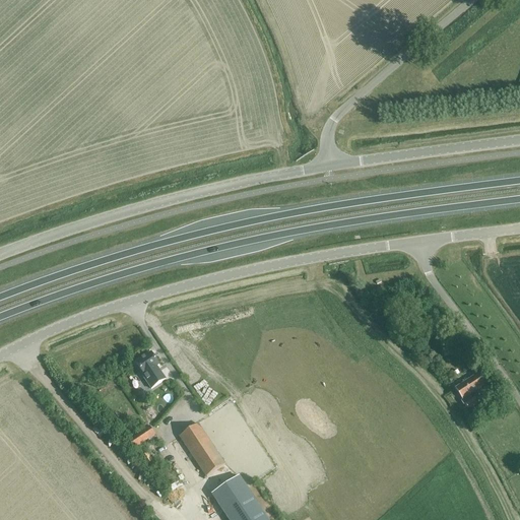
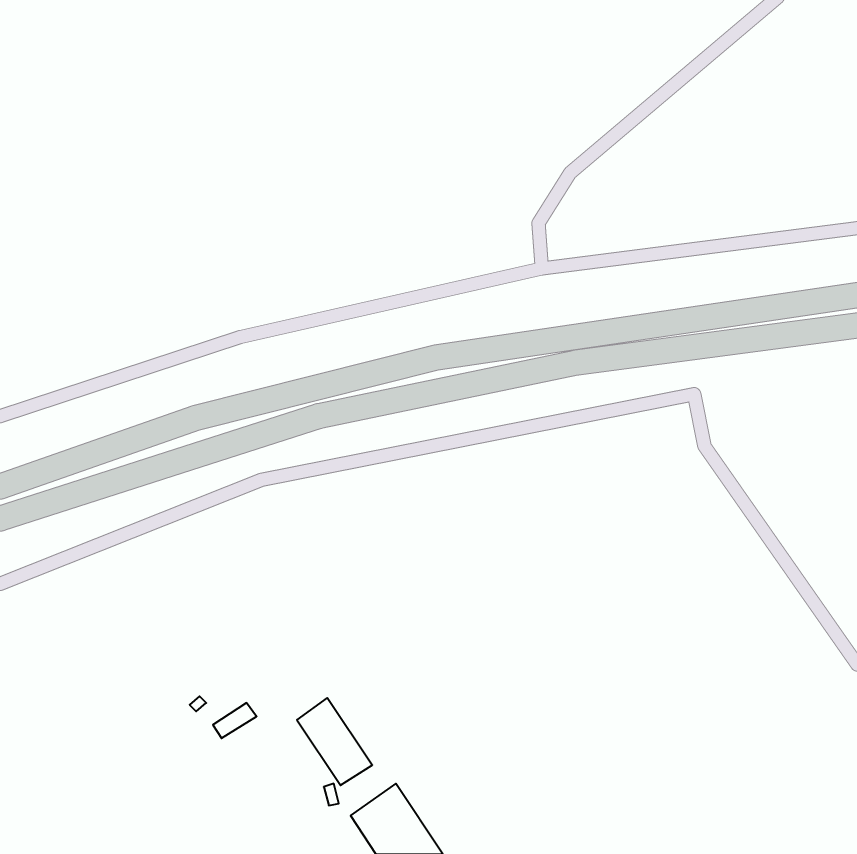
building: [137,352,164,386] -> none
building: [455,371,488,408] -> none

